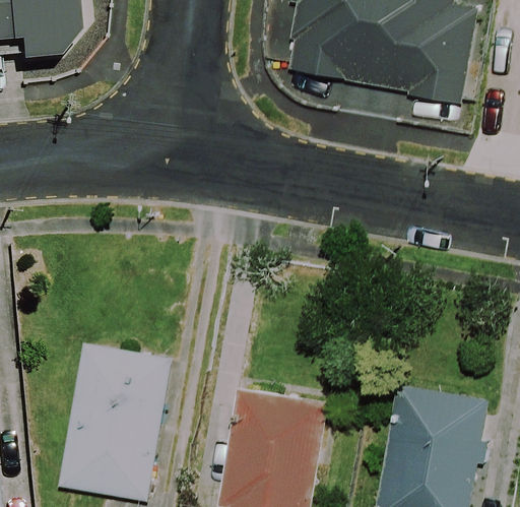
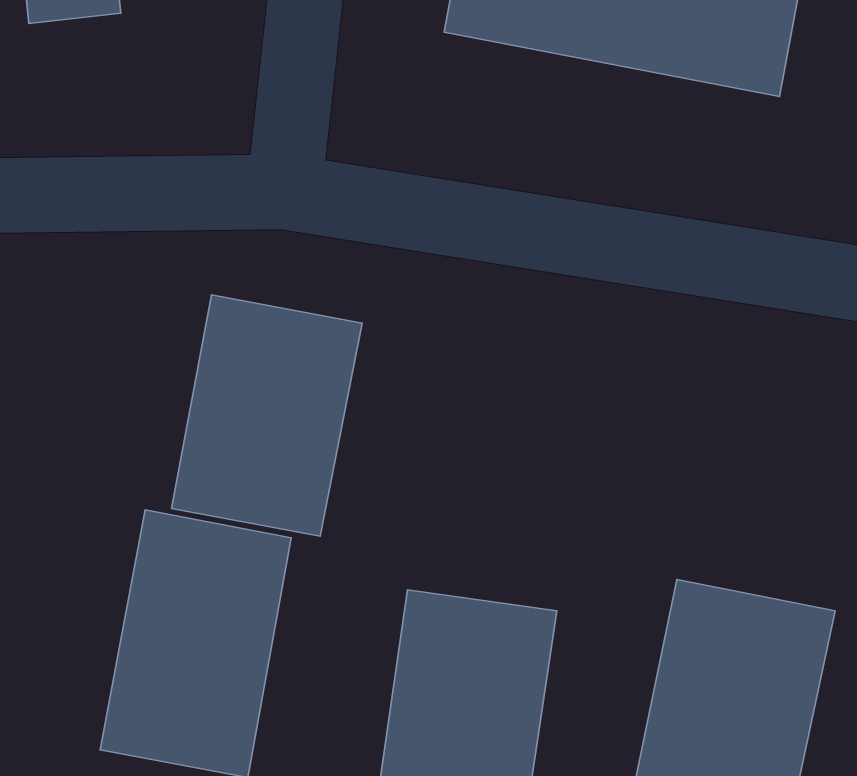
building: none -> [171,295,362,536]

